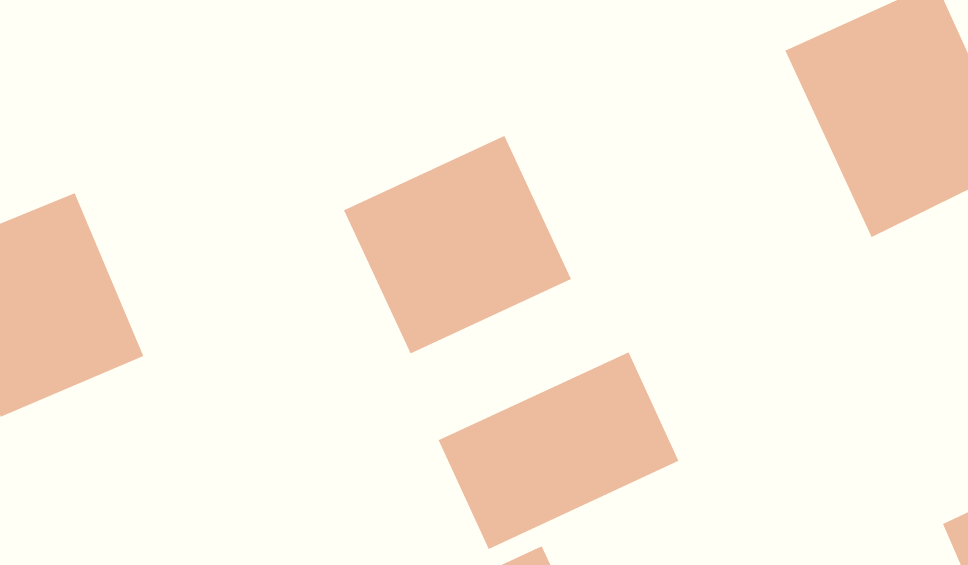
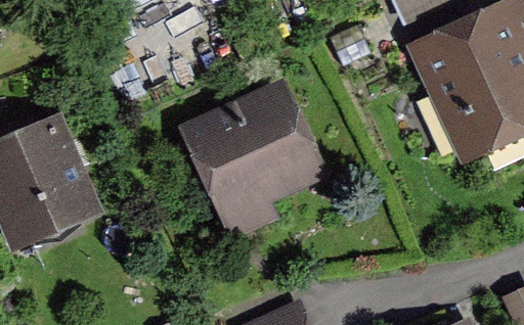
building: [438,351,679,550] -> none

